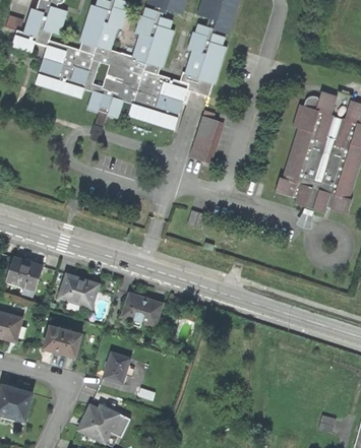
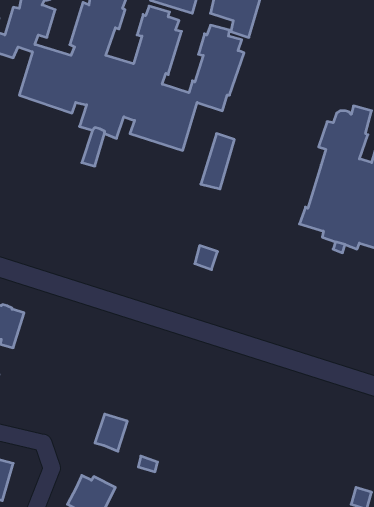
building: [58,275,98,308] -> none
building: [122,294,161,325] -> none
building: [44,325,81,357] -> none

